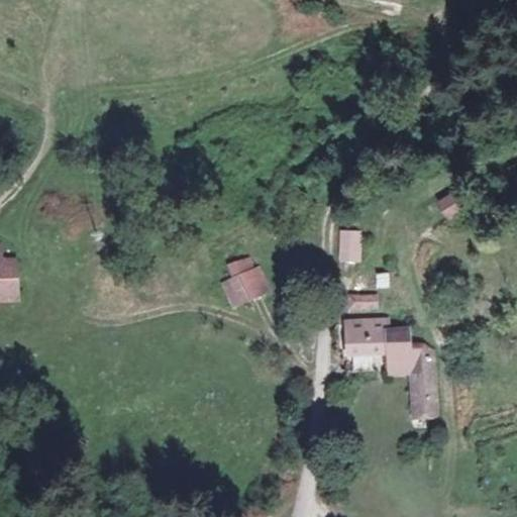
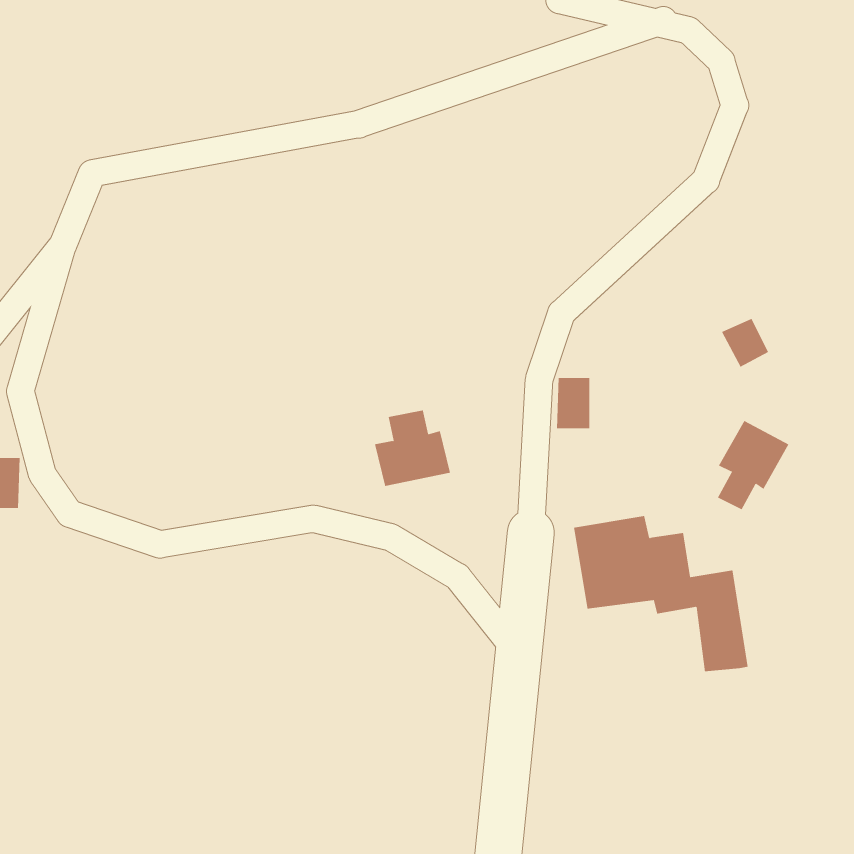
building: none -> [717,420,789,510]

